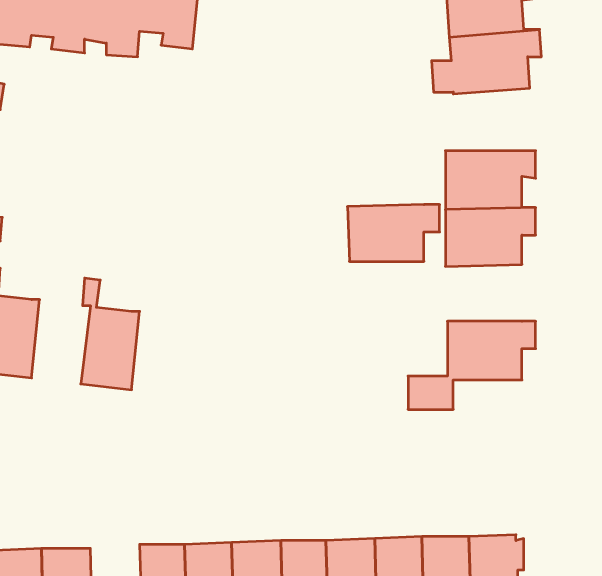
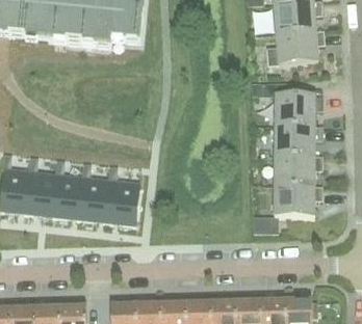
building: [347,205,440,261] -> [274,154,322,184]
building: none -> [54,158,85,217]
building: none -> [107,164,138,223]

